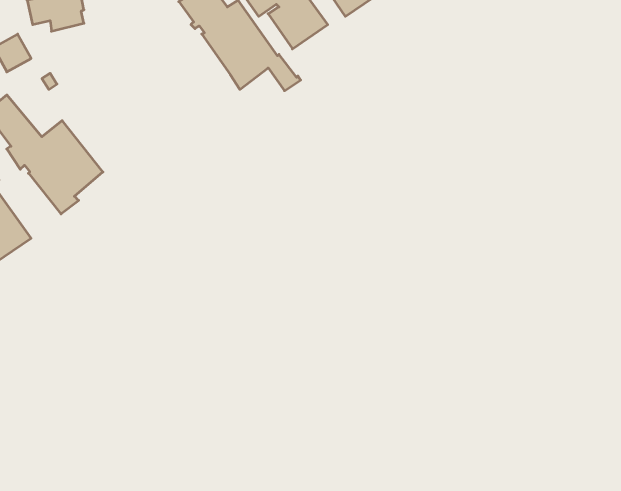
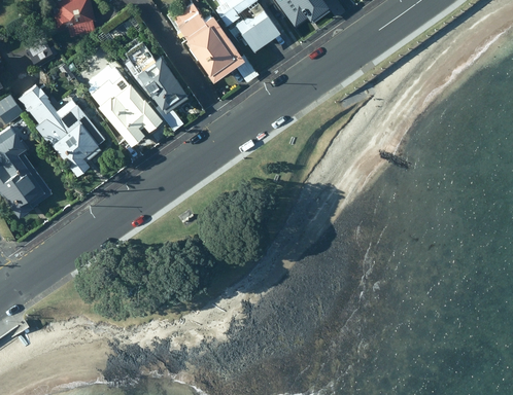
building: none -> [125,43,186,130]
building: none -> [87,66,161,146]

